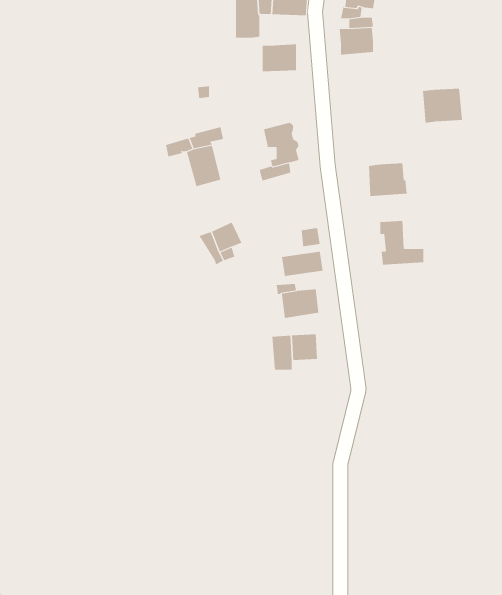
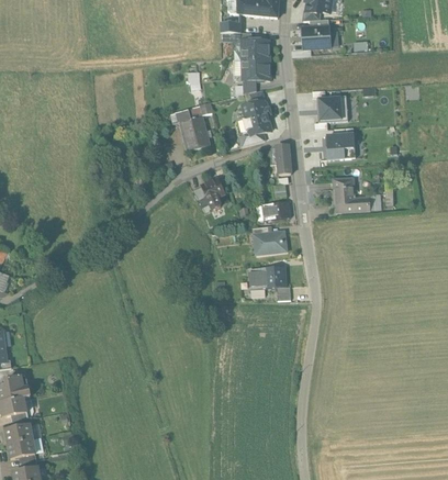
building: none -> [242,60,270,81]
building: [422,88,463,123] -> [316,94,348,122]
building: none -> [270,144,291,175]

